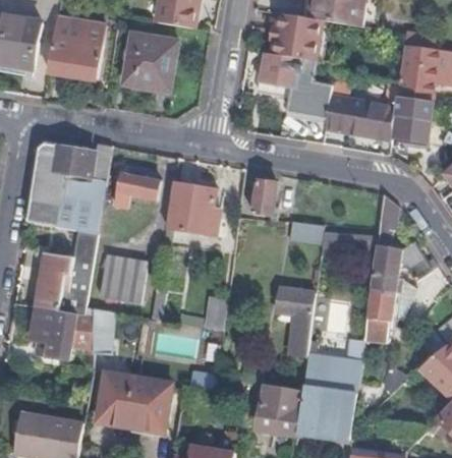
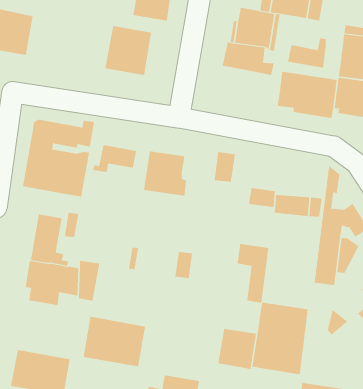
building: [47,17,103,78] -> none
building: [282,78,328,114] -> [287,37,327,68]
building: [99,252,147,302] -> none

